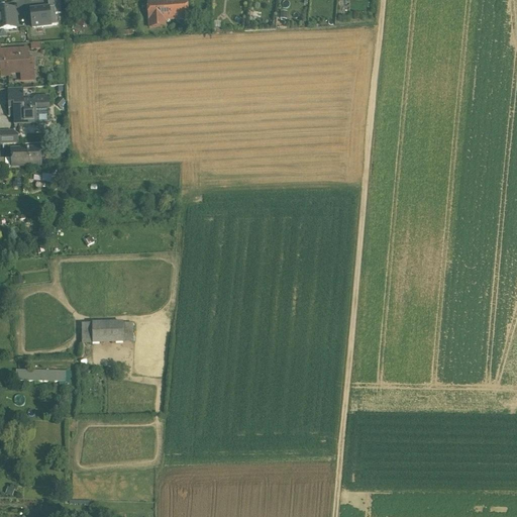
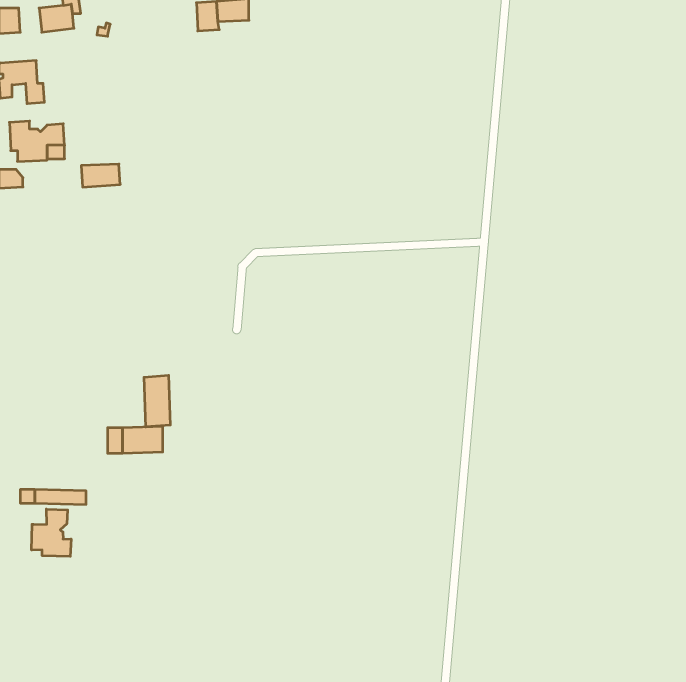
building: [10,145,39,163] -> [81,164,120,187]
building: none -> [144,375,170,427]
building: none -> [32,509,71,556]

